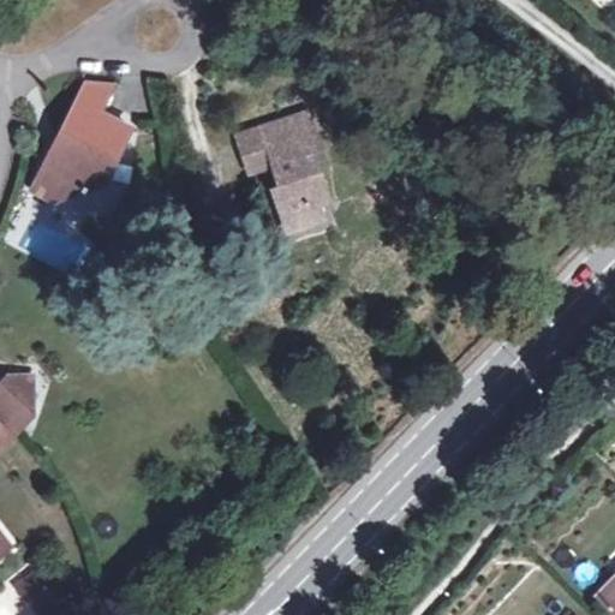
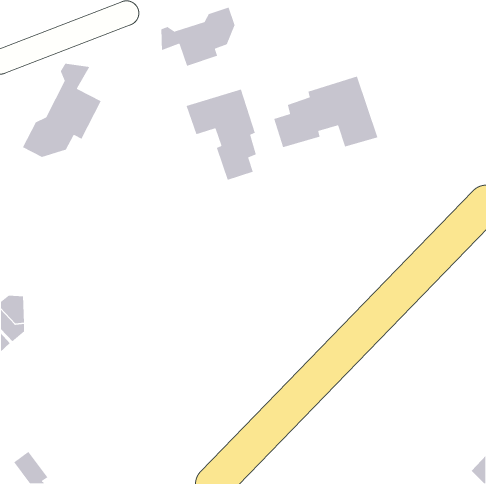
building: none -> [160,6,235,67]
building: none -> [273,75,378,148]

